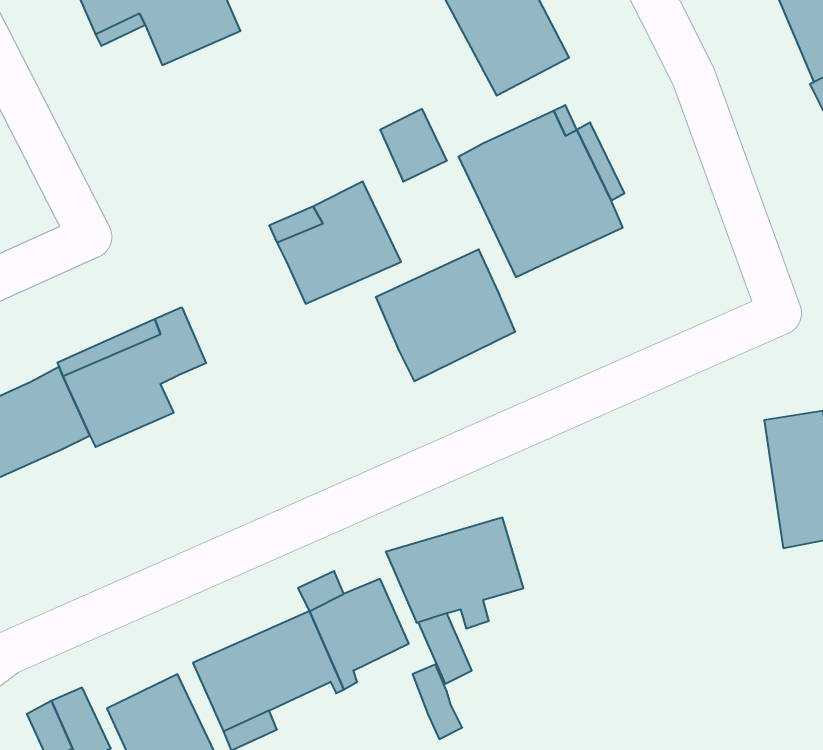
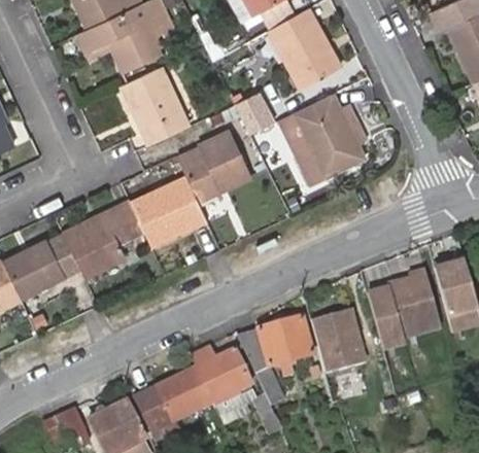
building: none -> [118,66,187,144]
building: [376,249,515,381] -> [130,178,205,249]
building: none -> [367,267,442,348]
building: none -> [309,304,365,369]

